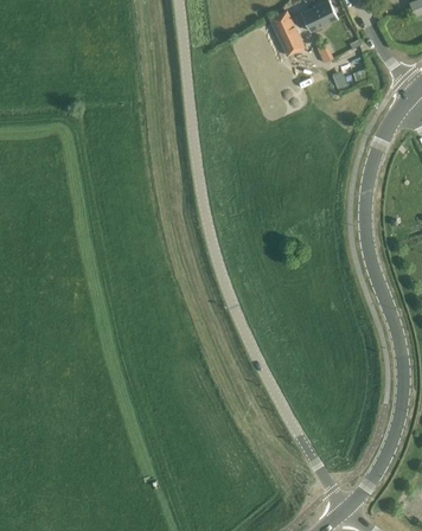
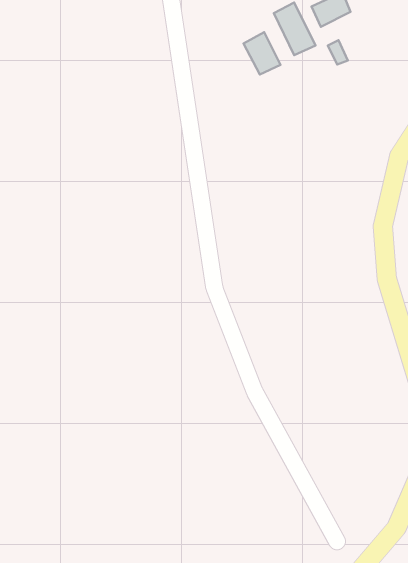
building: none -> [244,32,280,74]

